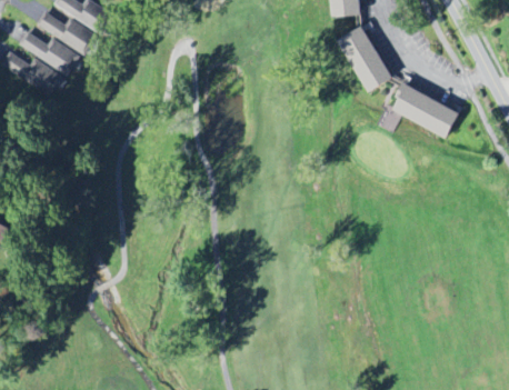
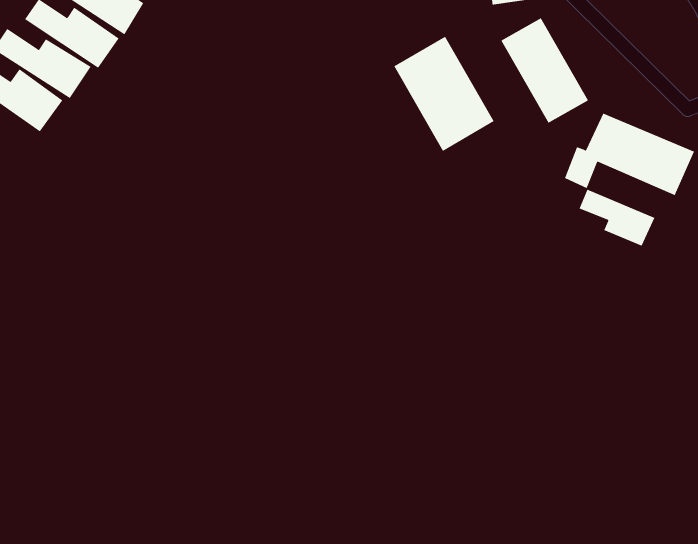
building: none -> [394,36,494,152]
building: none -> [579,189,655,246]

